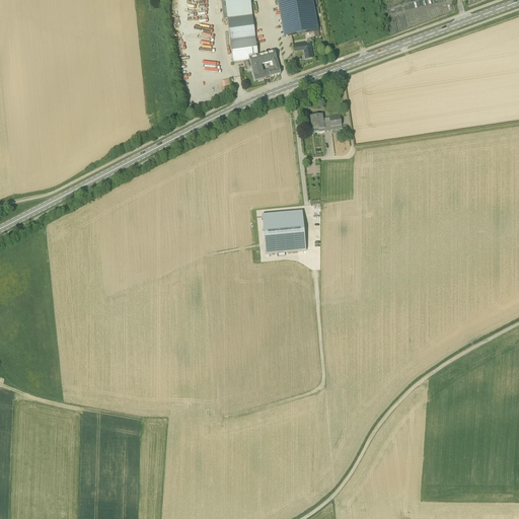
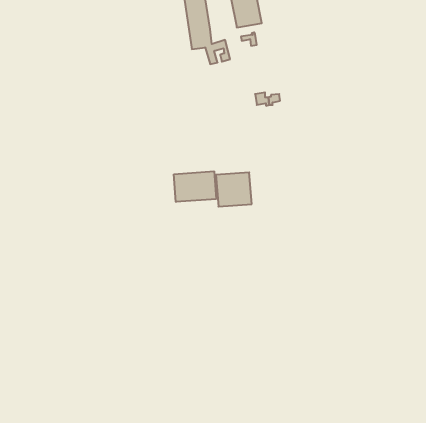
building: none -> [174,171,216,202]

